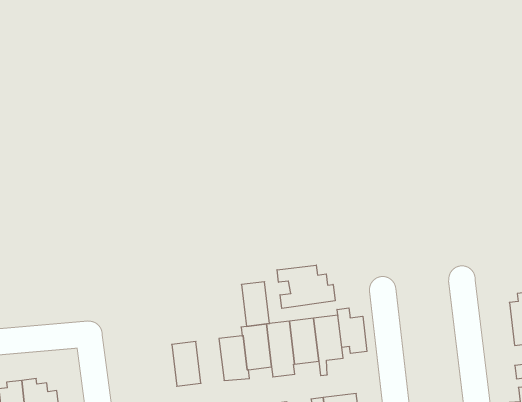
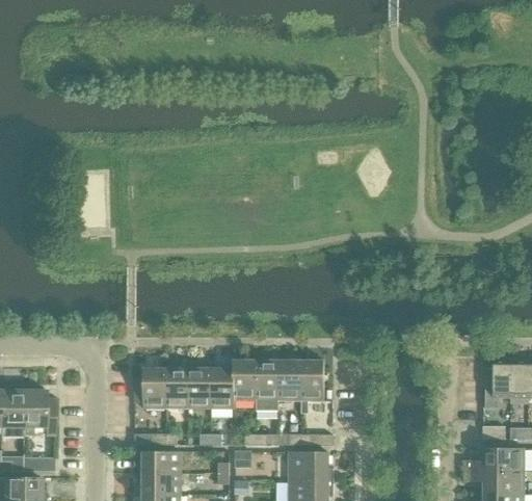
building: [277,265,335,308] -> none
building: [241,282,270,326] -> [189,369,211,408]
building: [337,308,367,353] -> none
building: none -> [135,369,166,408]

